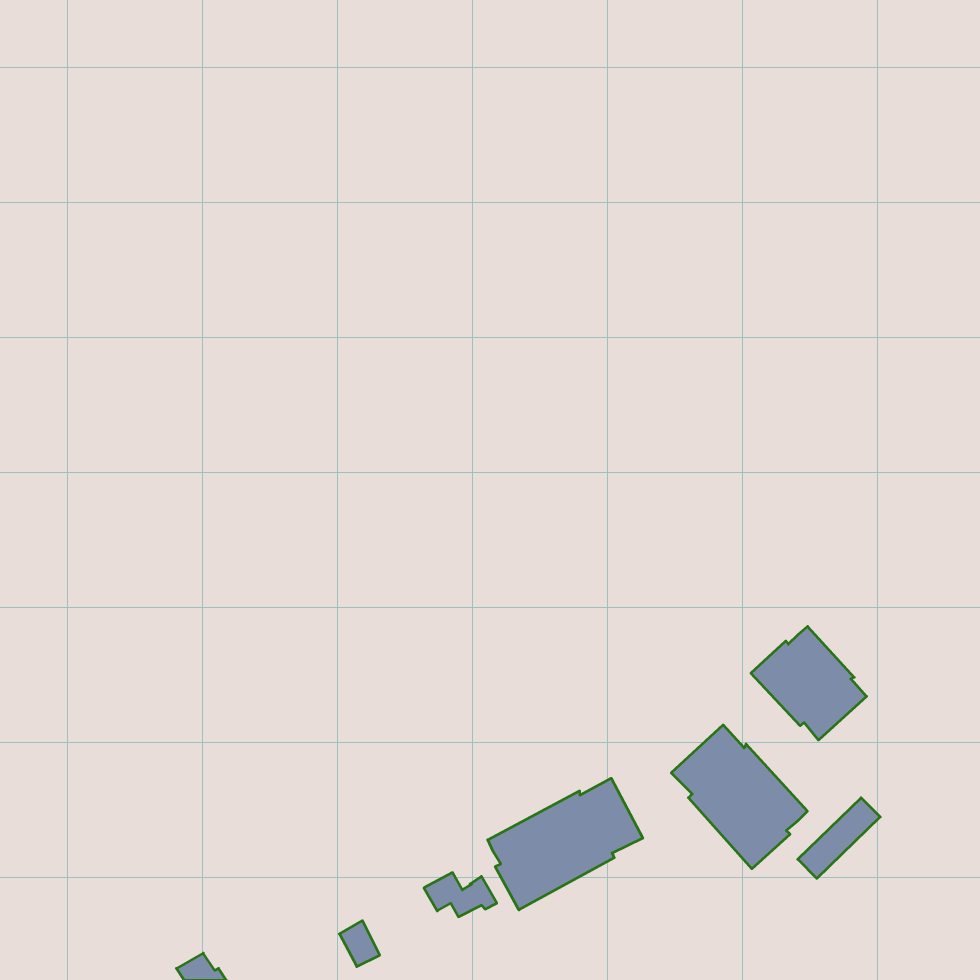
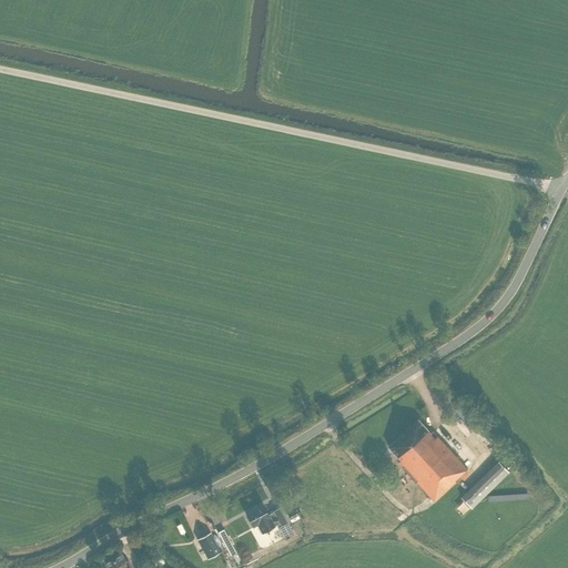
building: [751,626,867,740] -> none
building: [488,778,643,910] -> none

